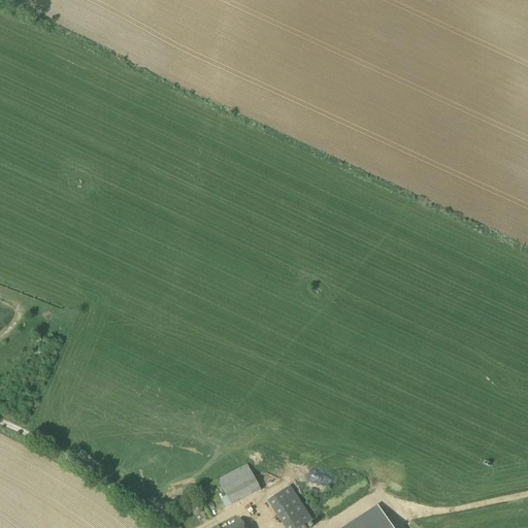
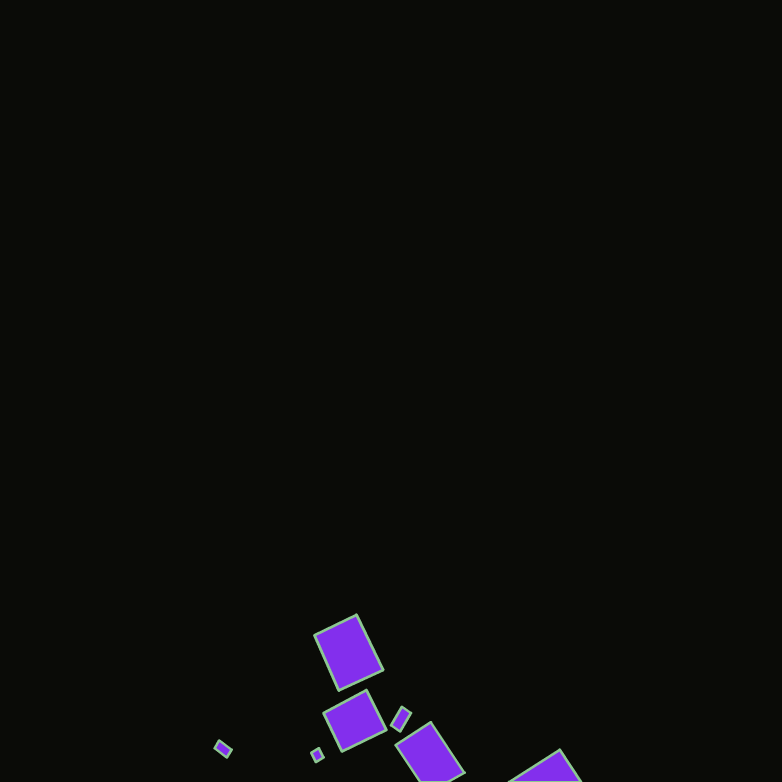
building: none -> [315,615,383,691]

